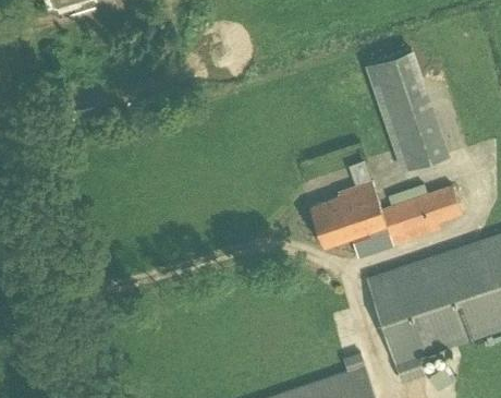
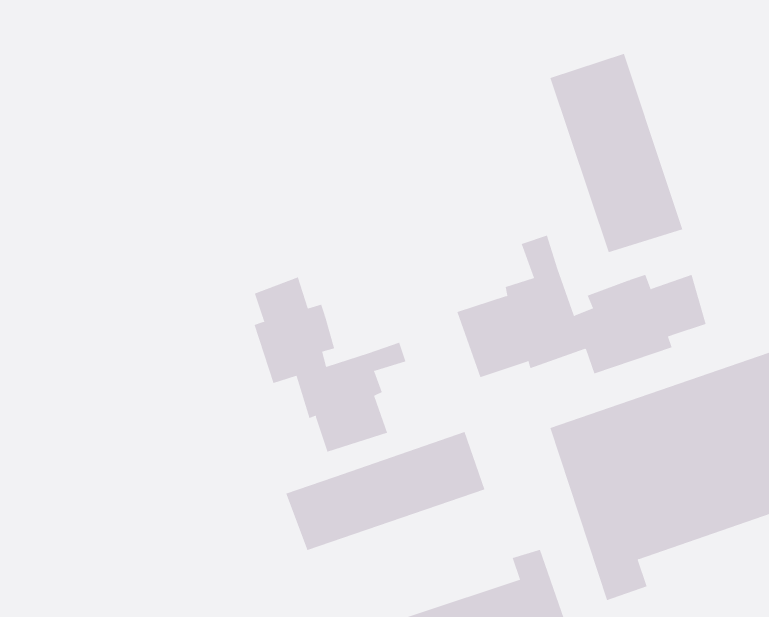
building: none -> [254,277,406,453]
building: none -> [285,431,485,551]

